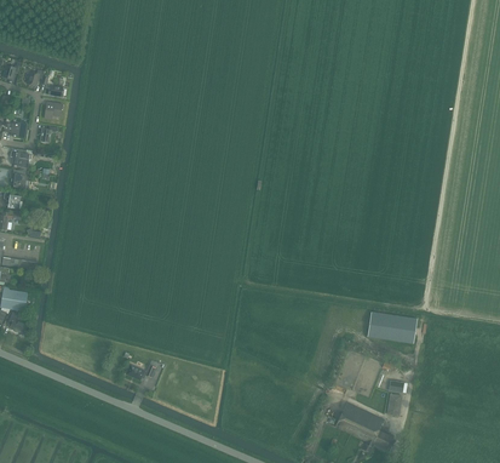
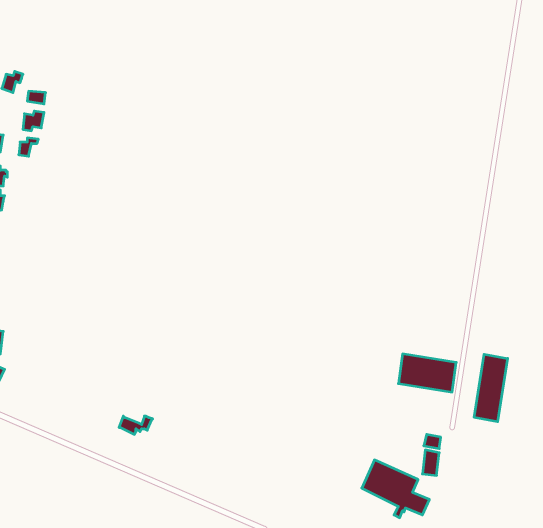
building: none -> [474,354,508,422]

